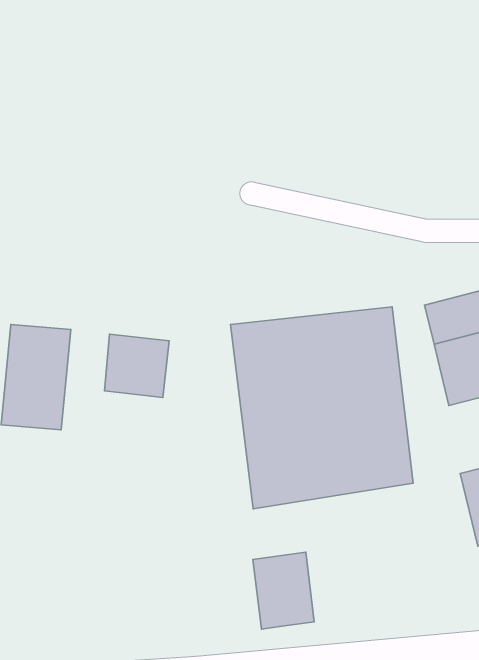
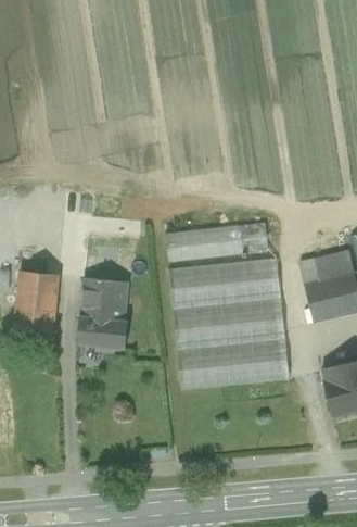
building: none -> [165,222,268,263]
building: none -> [78,314,128,348]
building: [253,552,314,629] -> none

